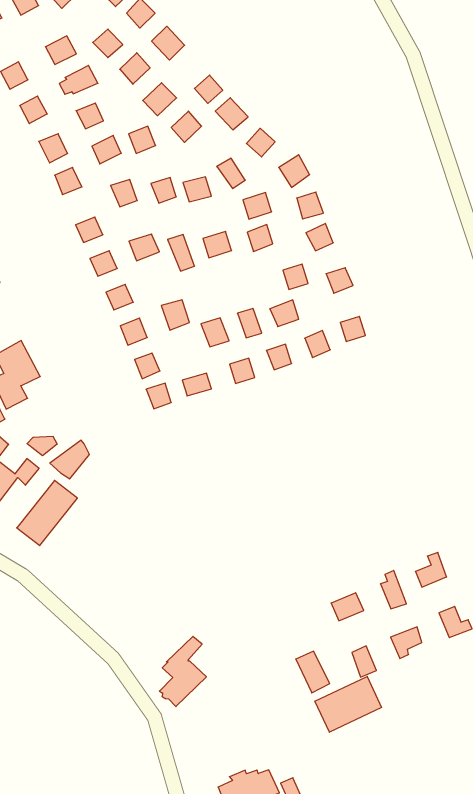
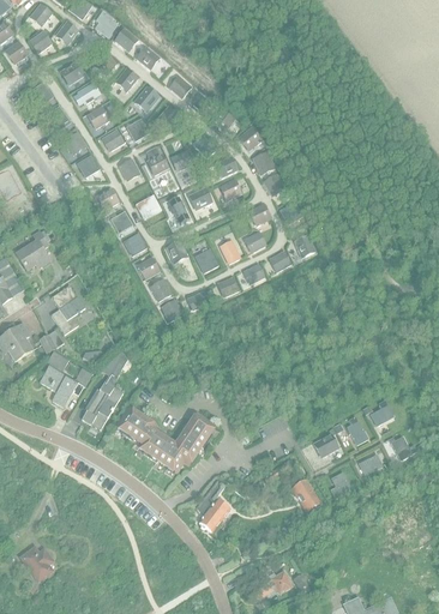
building: none -> [118,407,214,470]
building: [315,676,382,732] -> none

